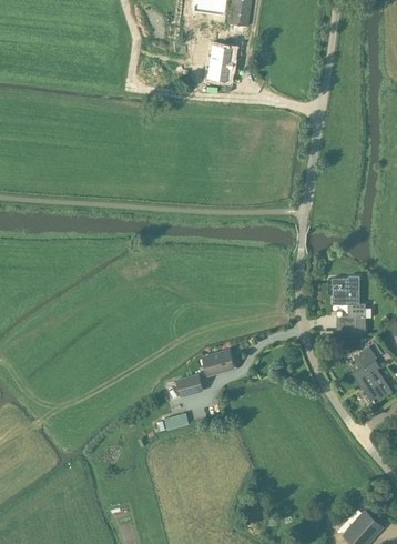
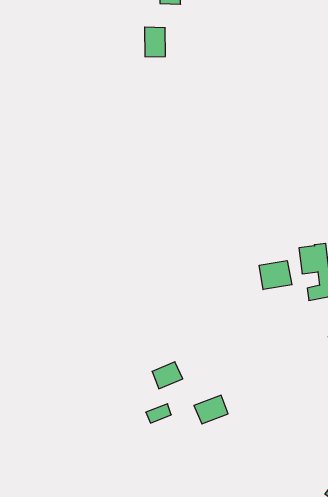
building: none -> [259,261,292,290]
building: [202,350,234,375] -> [194,395,228,424]

